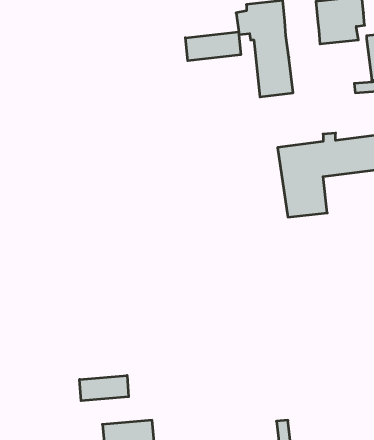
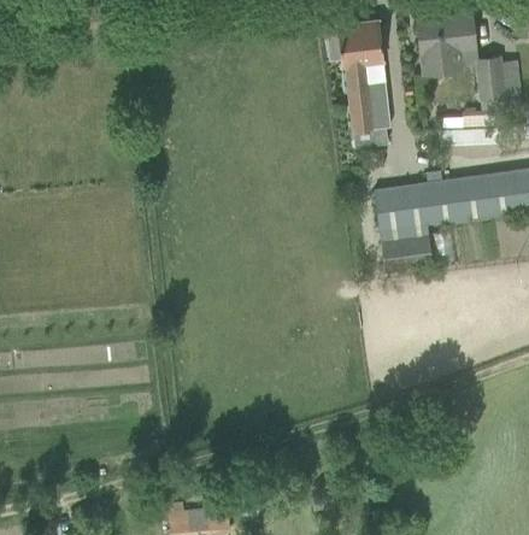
building: [185,32,241,61] -> none
building: [80,375,129,401] -> none

